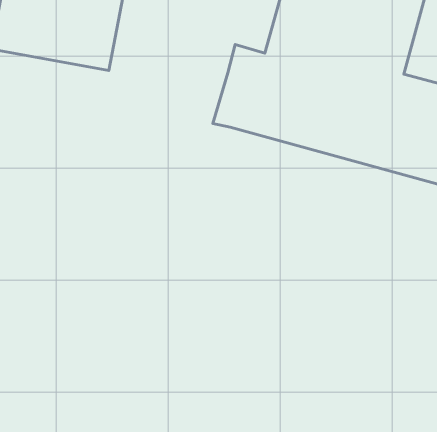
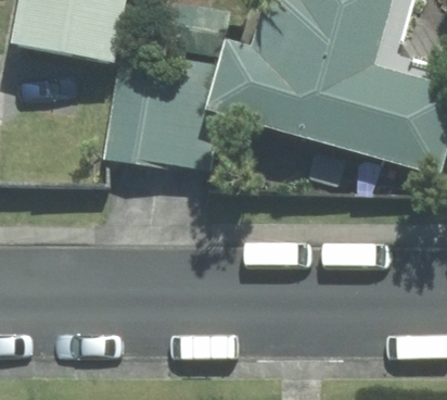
building: none -> [104,51,220,172]

